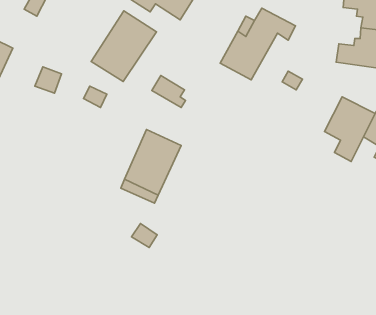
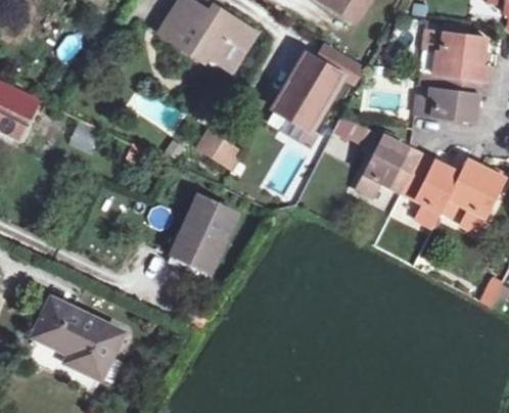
building: [91,11,156,82] -> none
building: none -> [354,135,421,198]
building: none -> [34,302,124,378]

